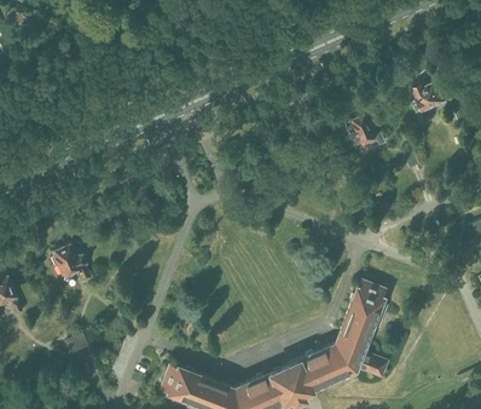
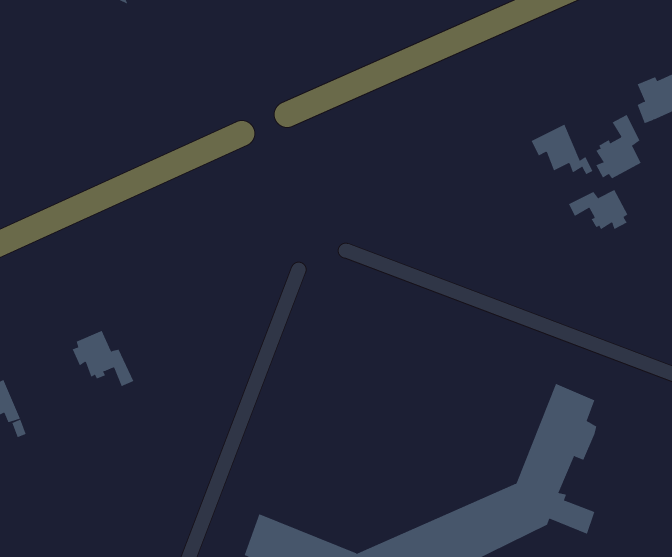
building: none -> [596,114,642,179]
building: none -> [568,189,628,230]

